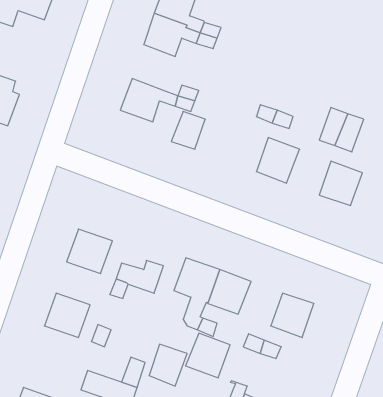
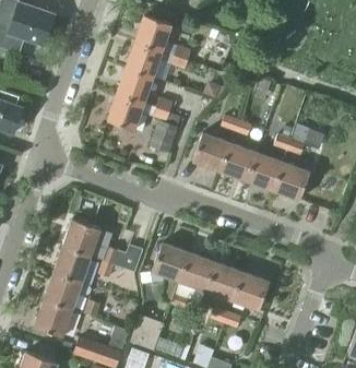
building: none -> [117,66,153,104]
building: none -> [192,133,230,171]
building: none -> [246,153,283,191]
building: none -> [54,247,91,283]
building: none -> [35,300,72,336]
building: [186,333,230,378] -> [205,263,242,300]

